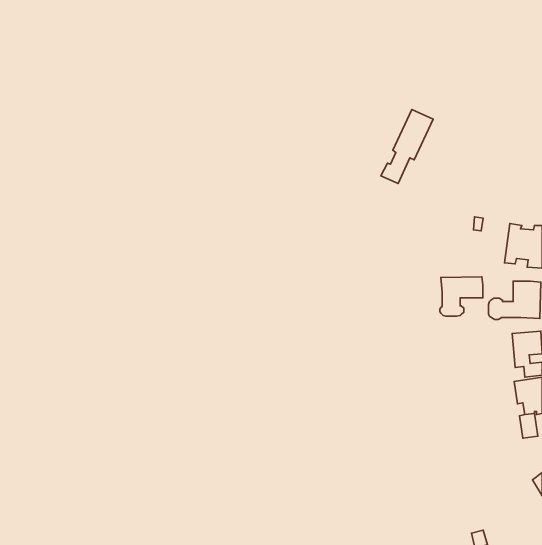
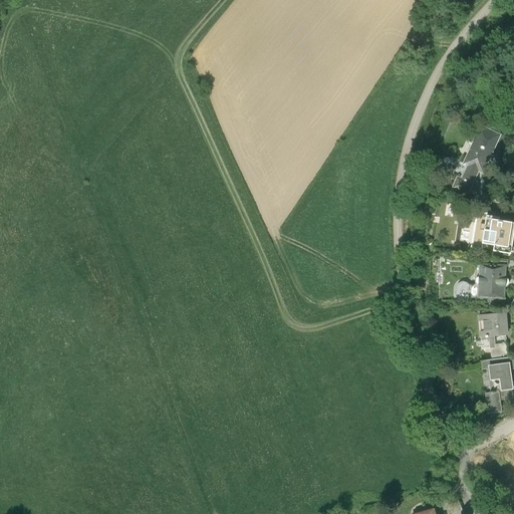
building: [381,110,433,183] -> [454,124,503,194]
building: [440,277,483,316] -> none

